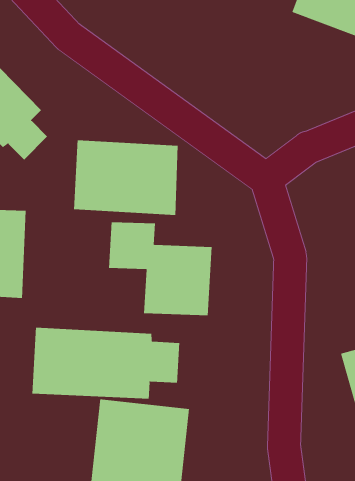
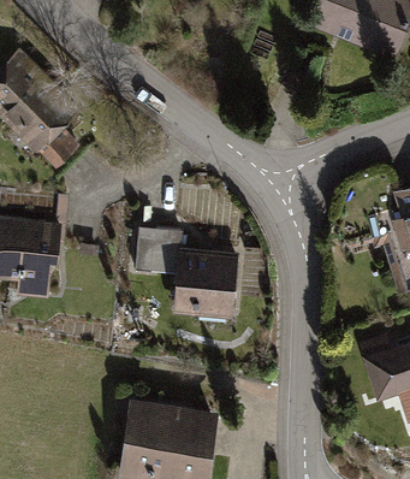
building: [73,140,178,216] -> none
building: [32,327,180,399] -> none

